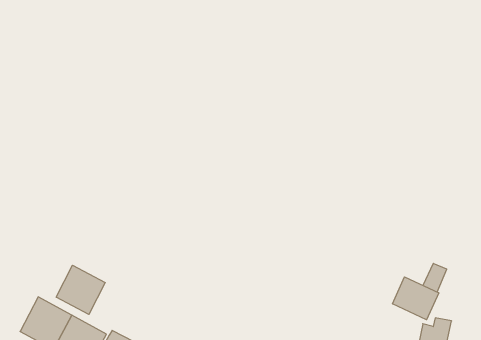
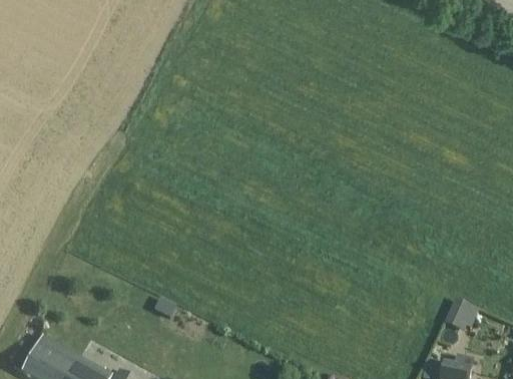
building: [56,265,105,314] -> none
building: [393,277,439,320] -> none

